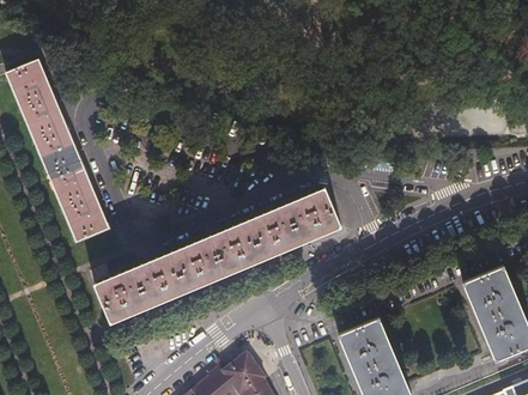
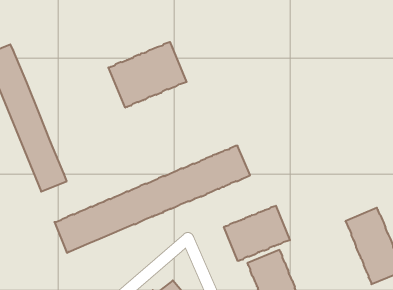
building: none -> [108,42,187,108]
building: none -> [224,206,290,261]

